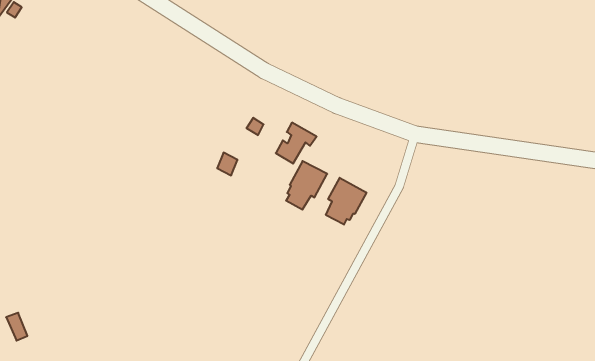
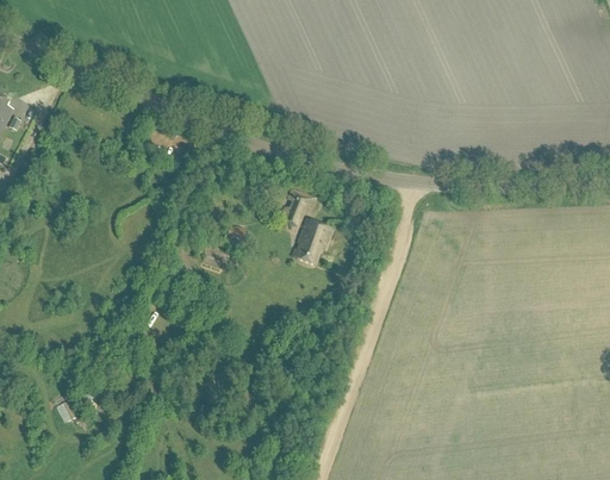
building: [326,178,366,225] -> none

